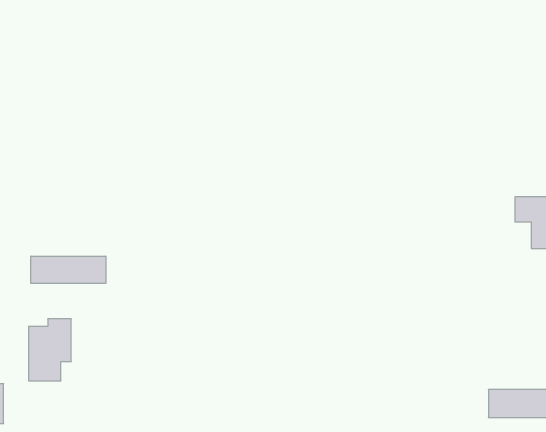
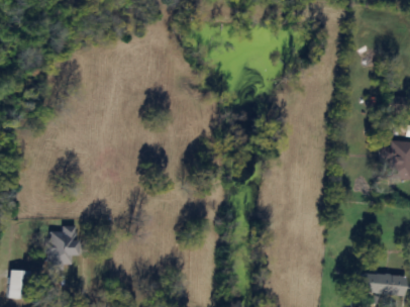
building: [31,256,106,283] -> none

